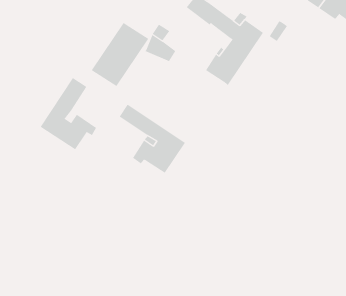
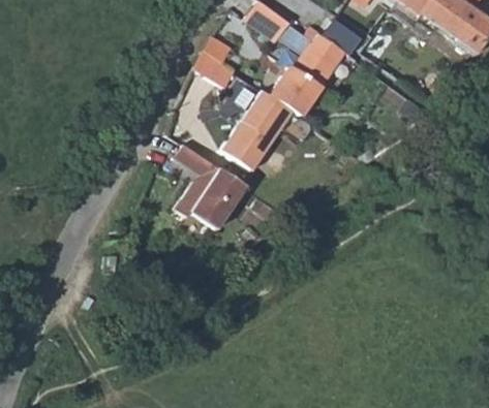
building: [91,22,149,87] -> [221,90,294,170]
building: [40,77,97,150] -> none

